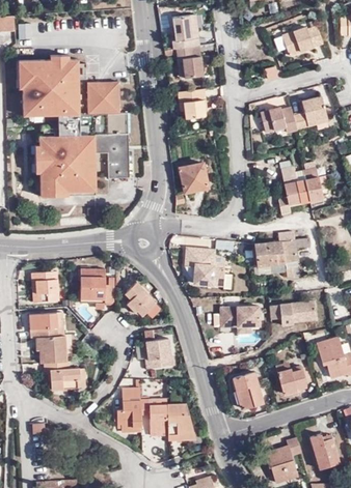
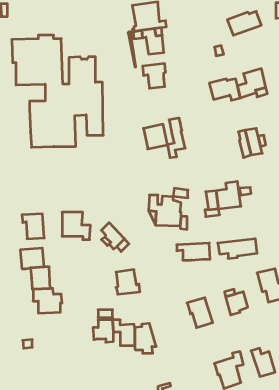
building: [278,167,300,214] -> [167,118,185,158]

